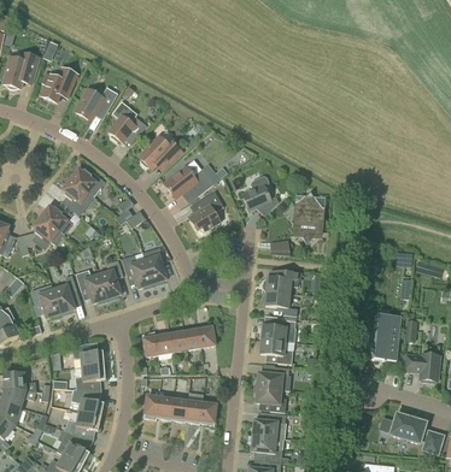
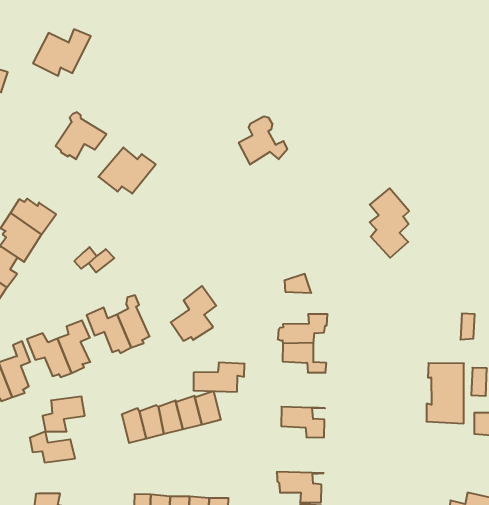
building: [74,87,118,120] -> [33,29,91,76]
building: [164,166,213,197] -> none
building: [242,176,279,211] -> [239,117,287,165]
building: [189,190,224,230] -> [171,286,216,341]
building: [294,191,324,243] -> [370,188,409,258]
building: [262,319,301,342] -> [193,363,245,392]
building: [75,365,106,390] -> [43,397,85,432]
building: [254,366,291,390] -> none

